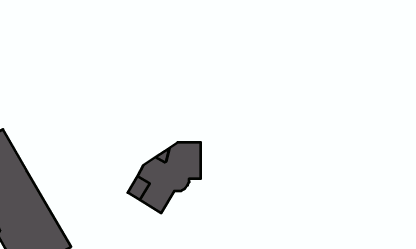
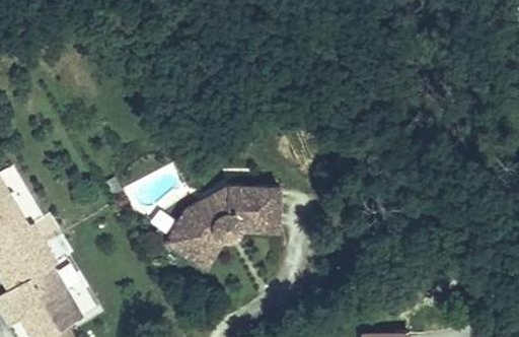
building: none -> [248,187,272,232]

